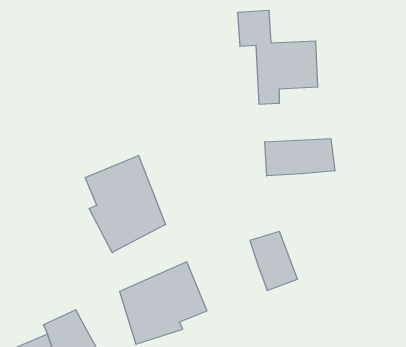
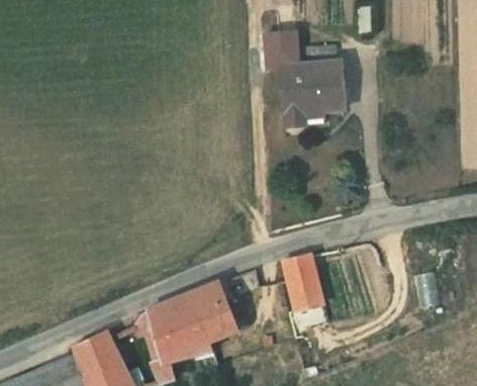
building: [265,139,335,176] -> none
building: [85,155,166,253] -> none

